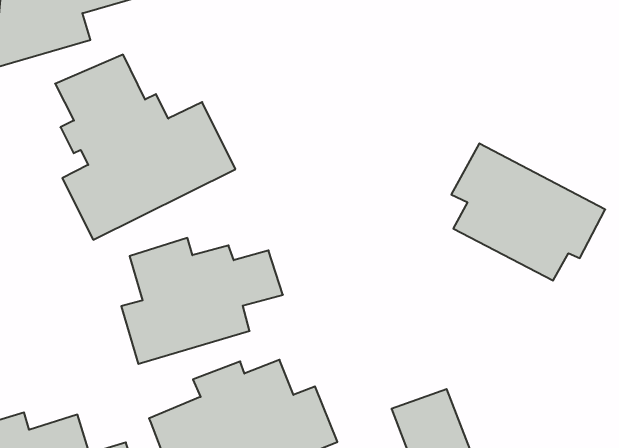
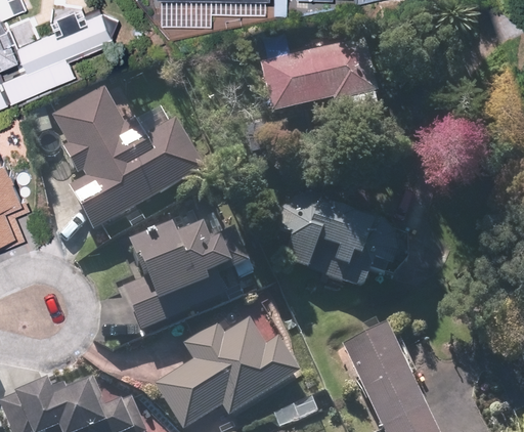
building: none -> [260,39,382,119]
building: [451,143,605,281] -> [278,188,400,291]

